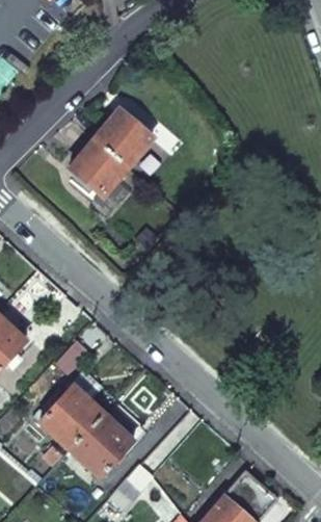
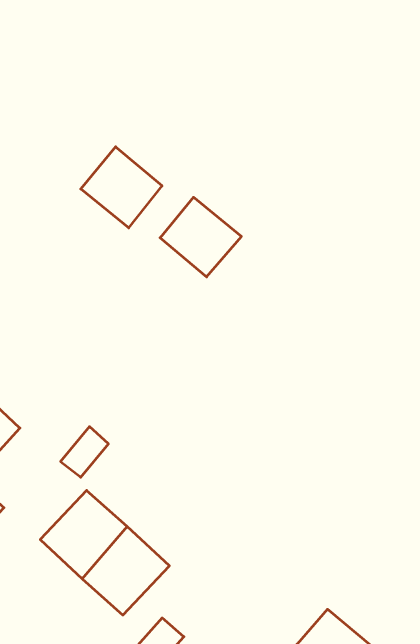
building: [93,110,152,167] -> [160,197,241,277]

